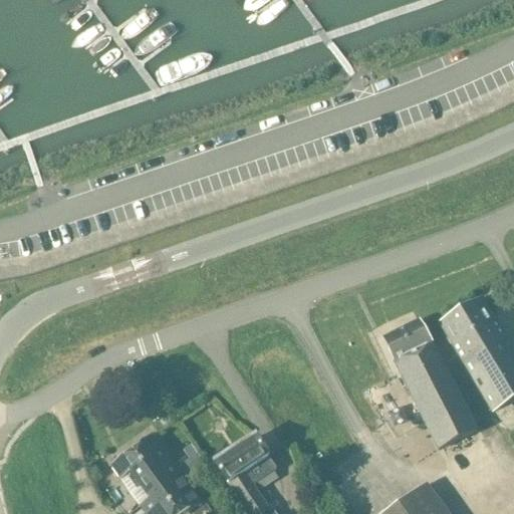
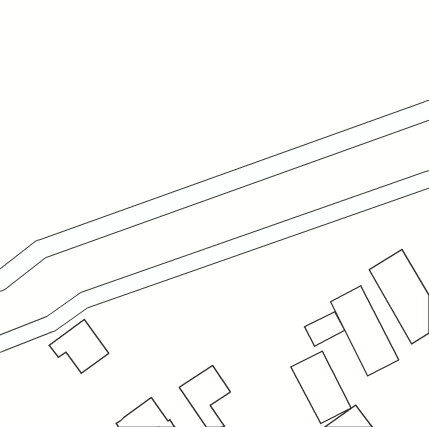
building: [382,319,431,360] -> [304,312,345,346]
building: none -> [291,351,351,424]
building: [109,435,181,499] -> [49,319,109,373]

